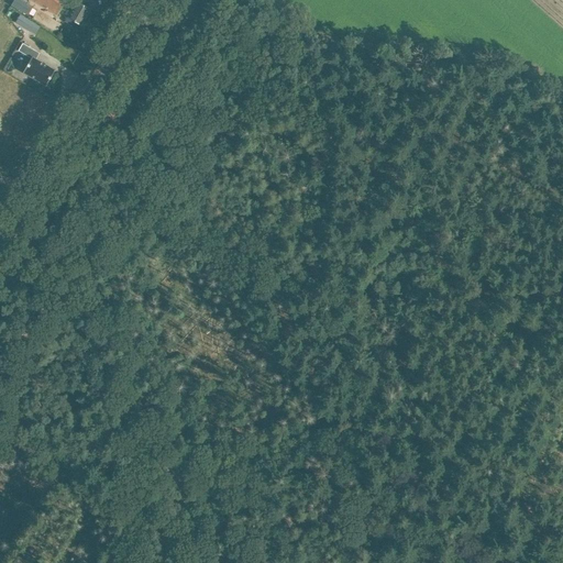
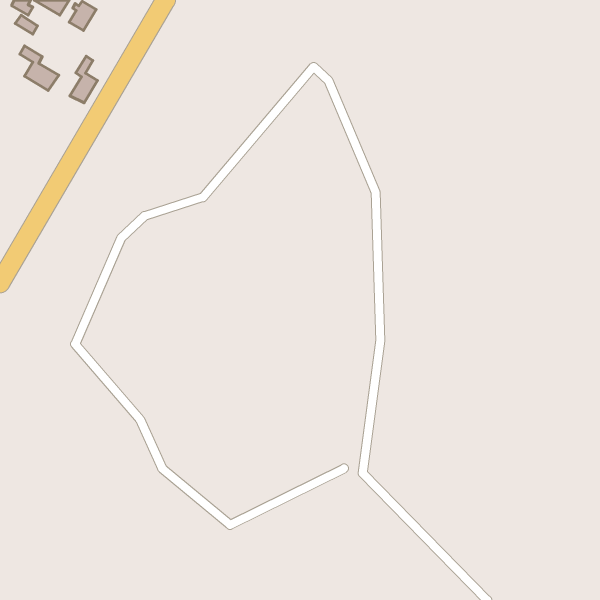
building: none -> [70,56,97,103]

